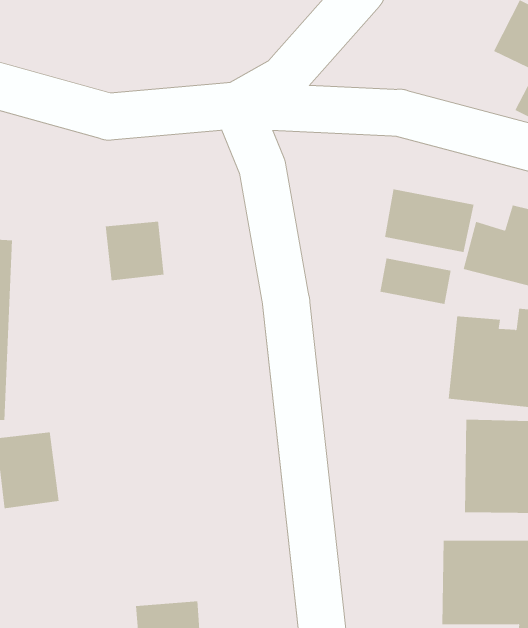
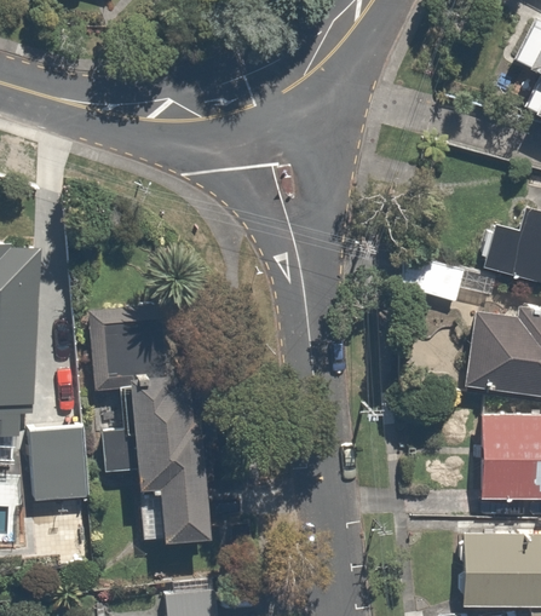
building: [385,189,474,253] -> none
building: [105,221,164,281] -> none
building: none -> [85,300,212,537]

